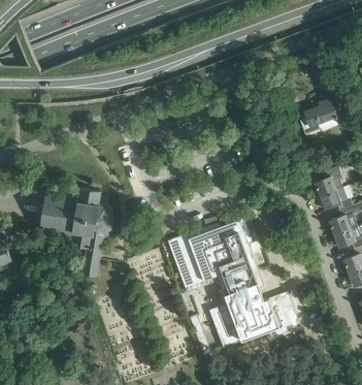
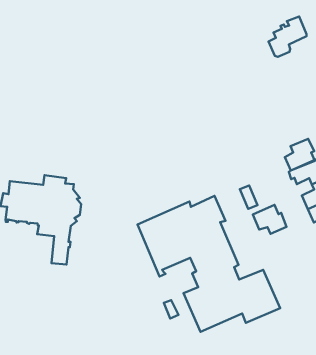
building: [300,98,337,136] -> [269,16,307,57]
building: none -> [253,205,287,234]

